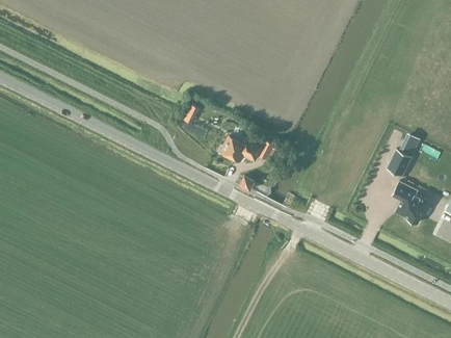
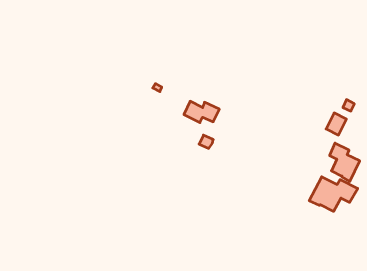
building: none -> [309,177,358,211]

